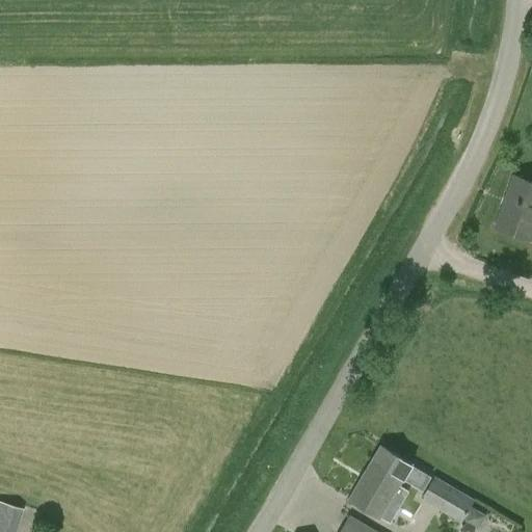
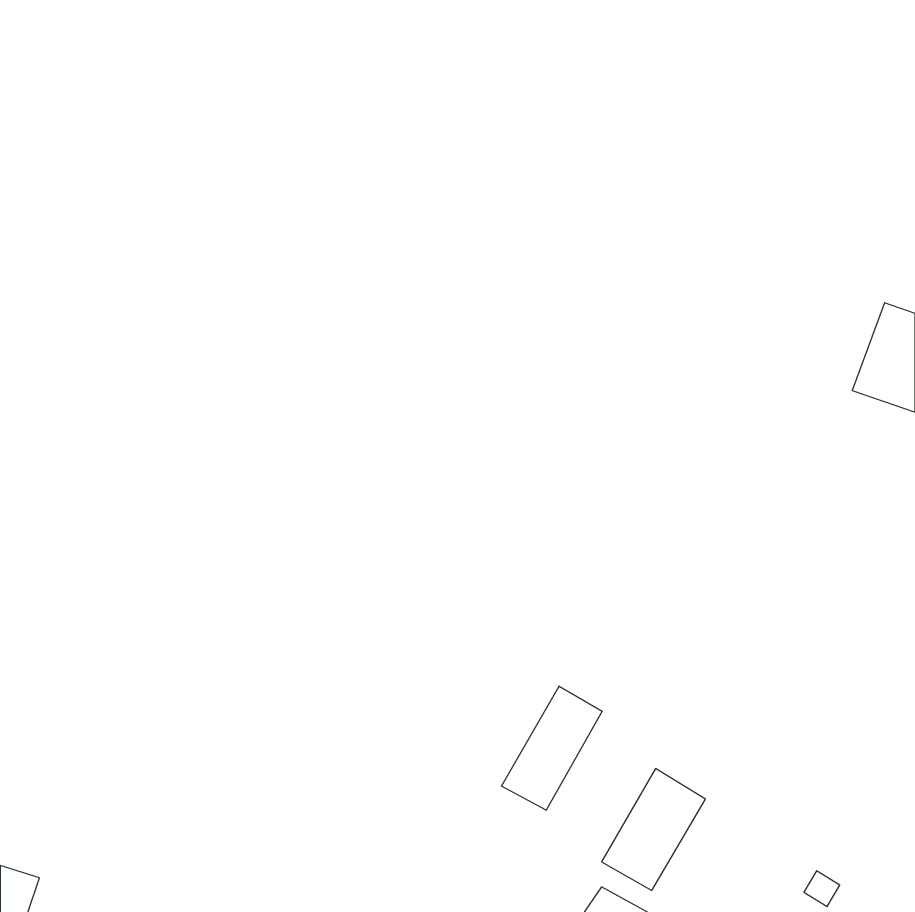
building: none -> [501,686,602,810]
building: [421,478,474,524] -> none

